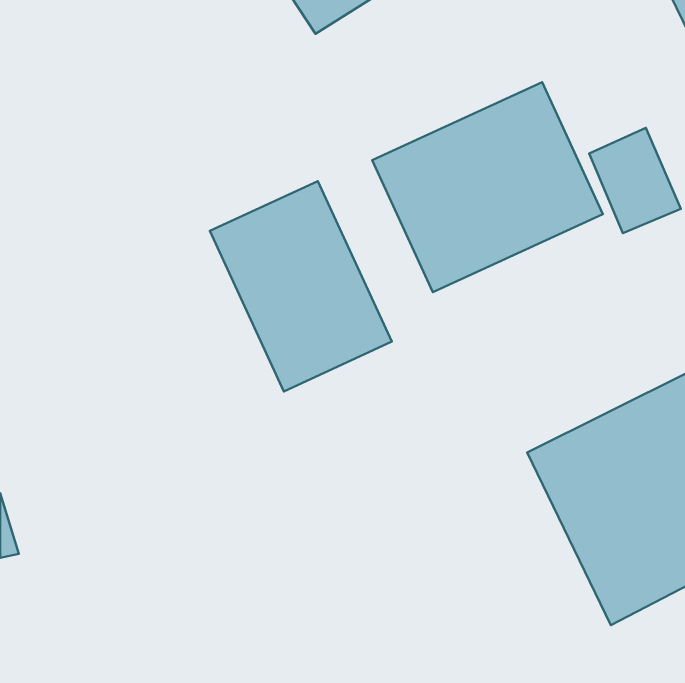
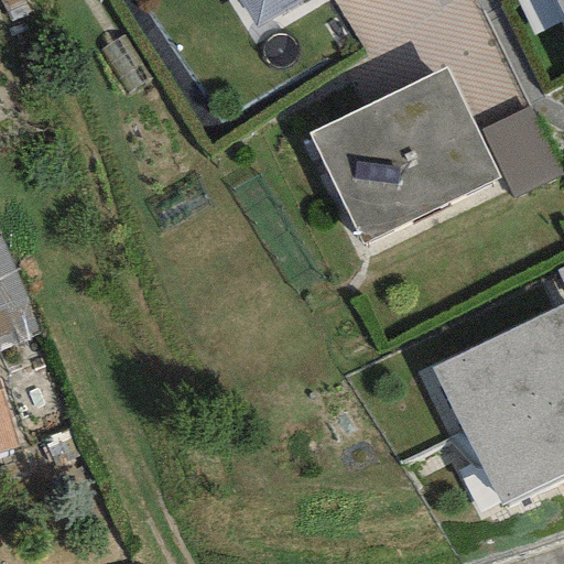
building: [210,181,392,391] -> none

